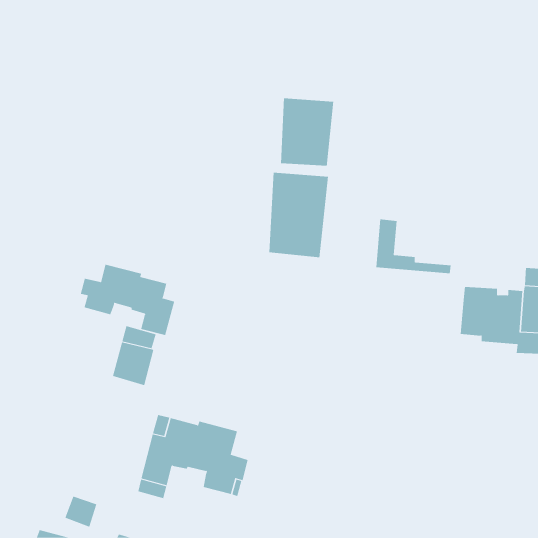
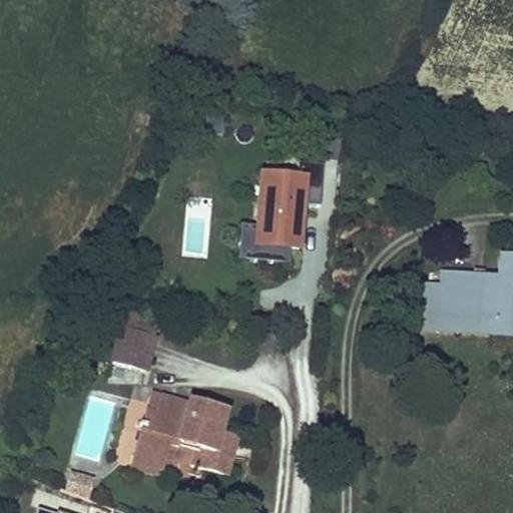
building: [281,97,334,166] -> none
building: [375,219,452,274] -> [420,283,492,335]
building: [80,264,175,336] -> none

